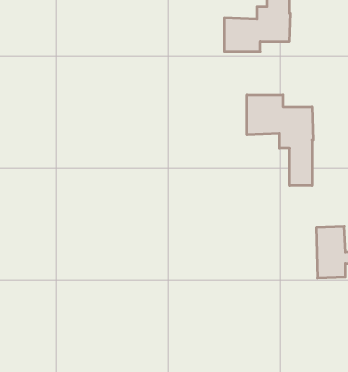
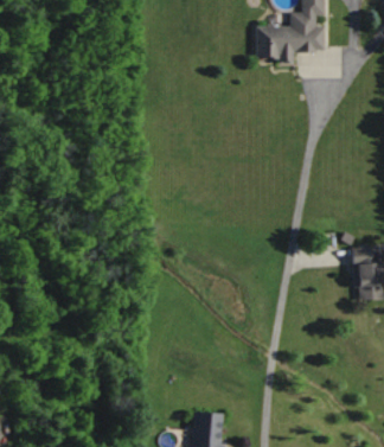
building: [247,95,313,186] -> none

